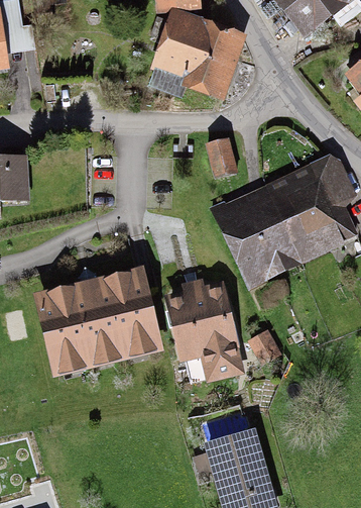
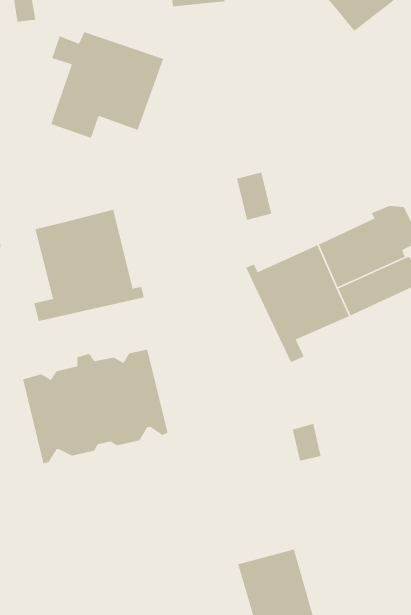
building: [151,12,240,96] -> [50,31,164,139]
building: none -> [34,209,145,322]
building: [171,284,240,380] -> none

